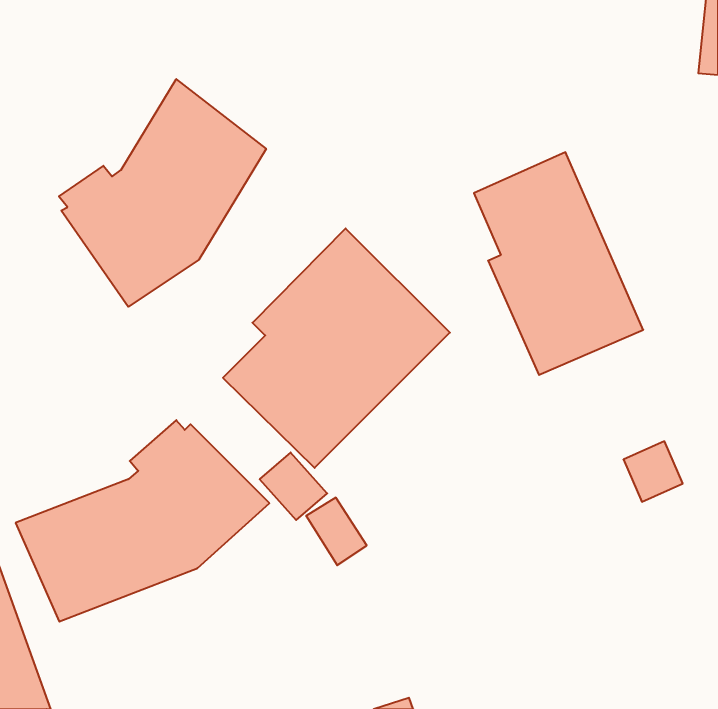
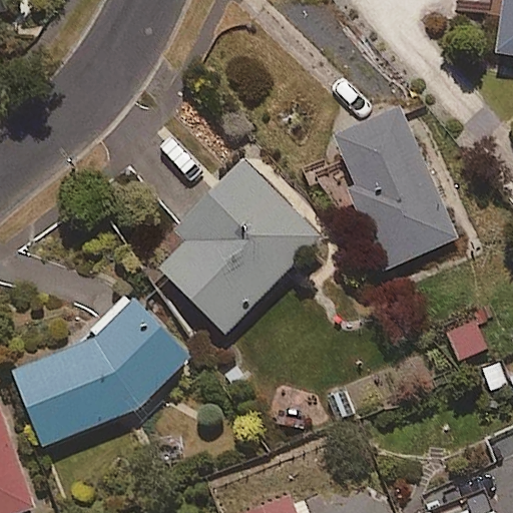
building: [59,79,266,307] -> none

